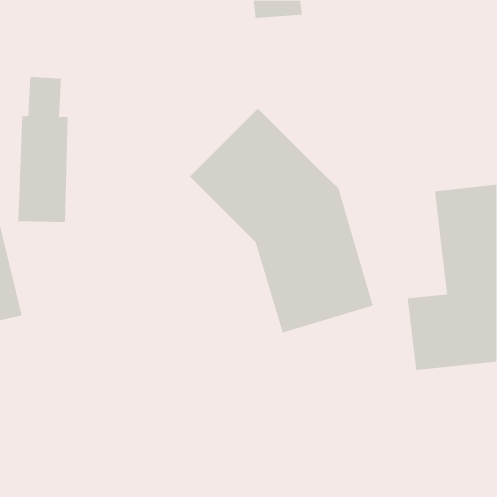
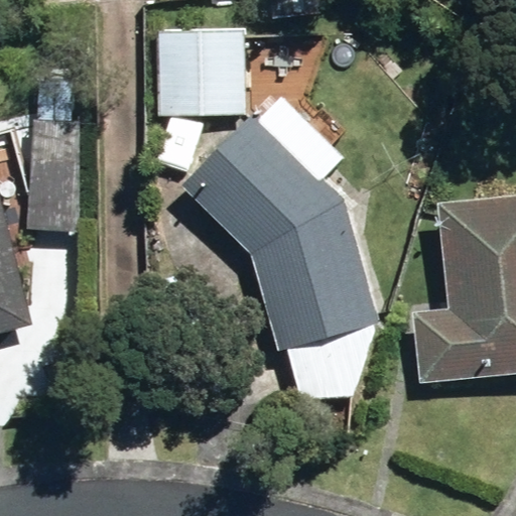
building: none -> [145,34,236,119]

